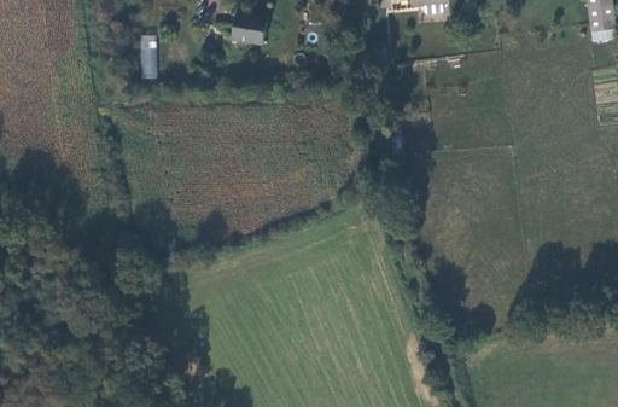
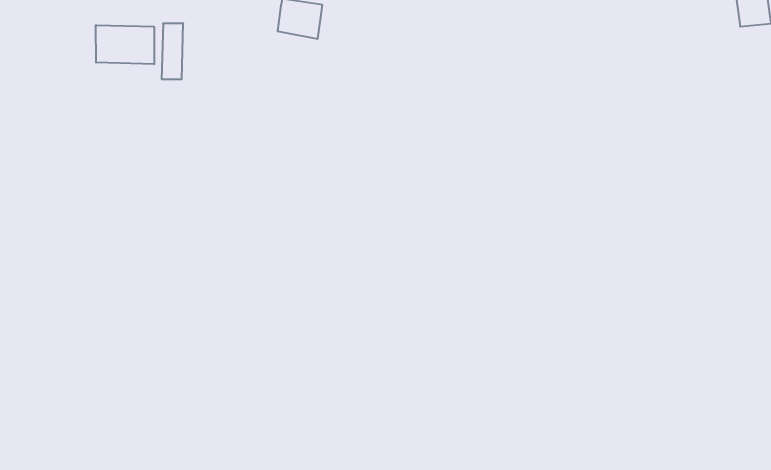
building: none -> [96,25,154,64]

